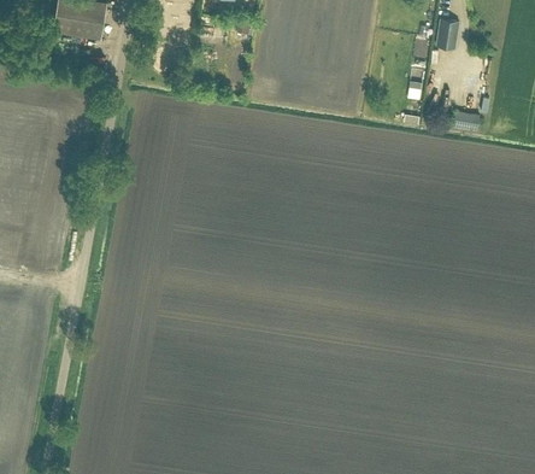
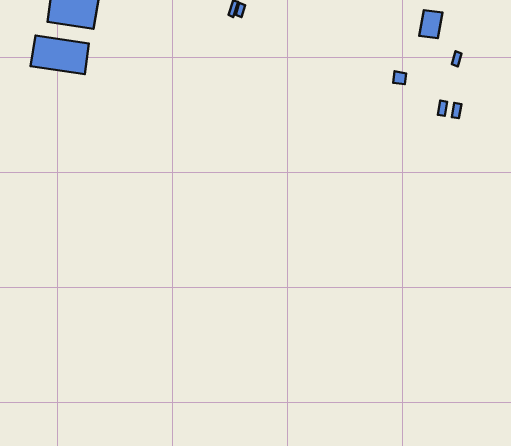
building: none -> [30,36,89,74]

